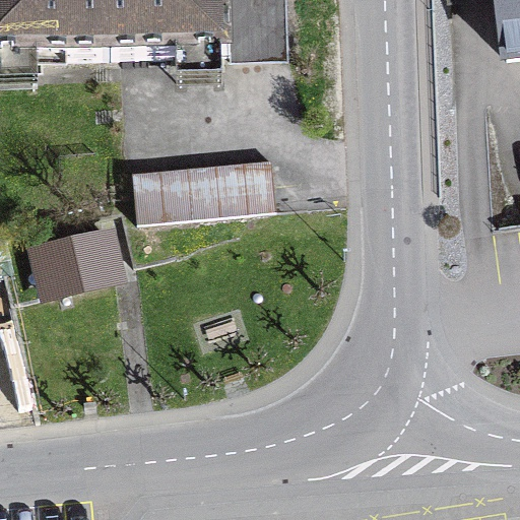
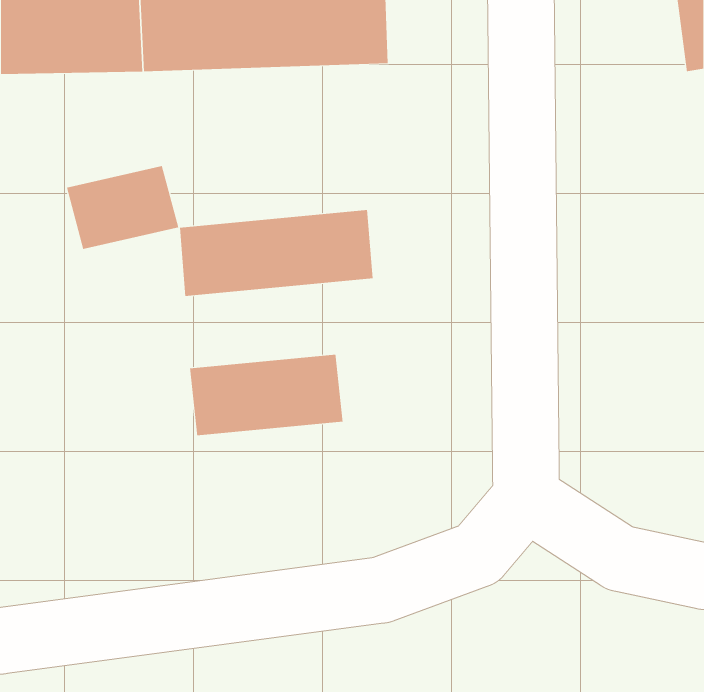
building: [35,229,118,290] -> [66,165,179,250]
building: none -> [190,354,343,436]

